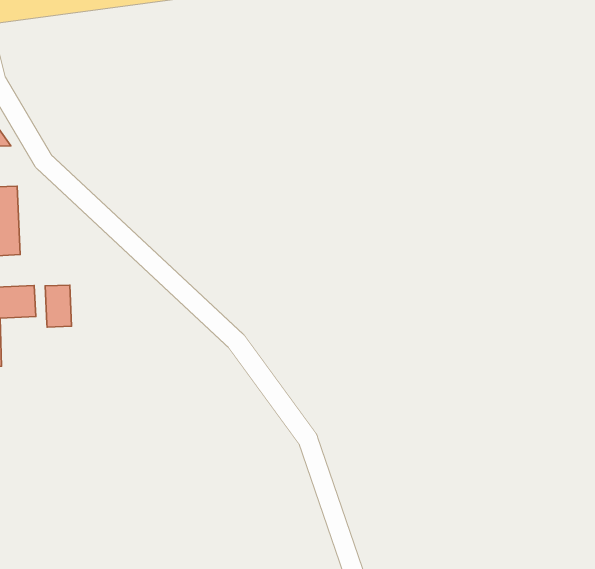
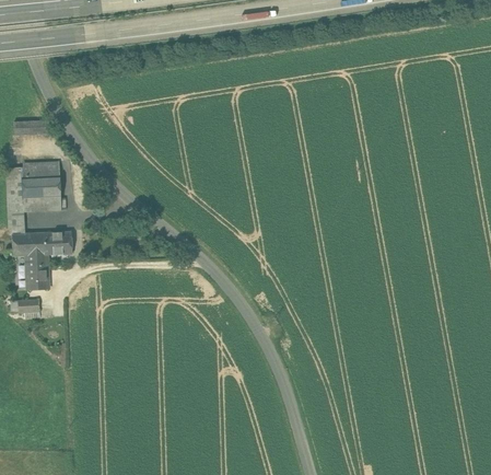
building: [45,285,72,327] -> none

